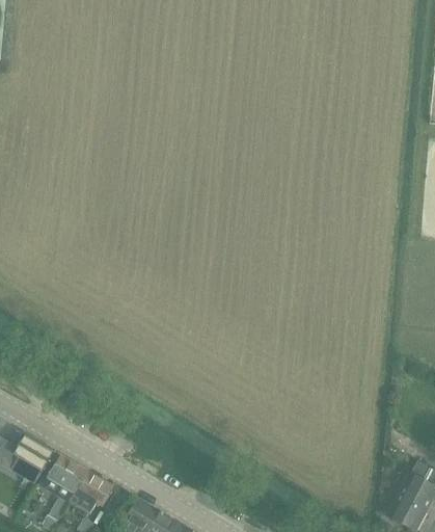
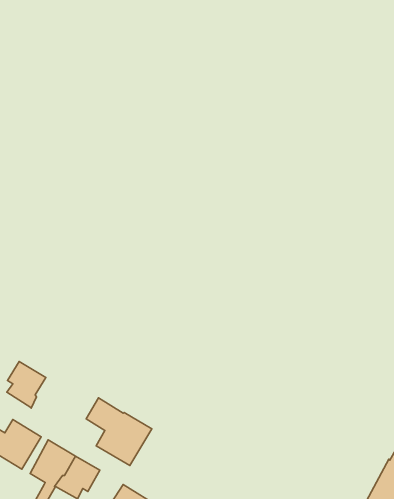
building: none -> [7,361,46,408]
building: none -> [86,398,152,466]

